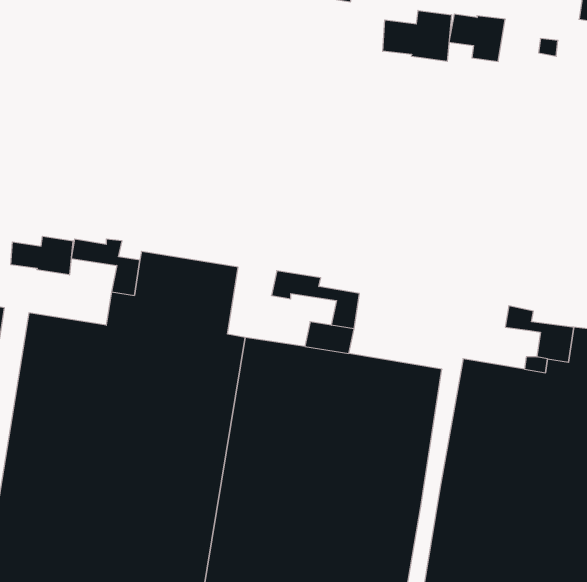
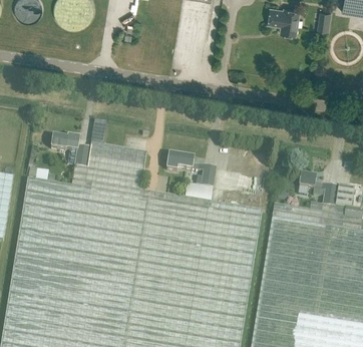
building: [383,10,452,61] -> none
building: [11,236,73,275] -> none

